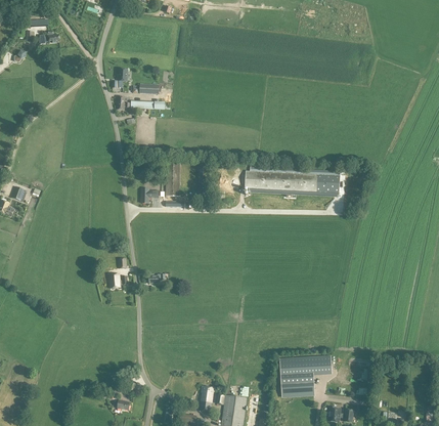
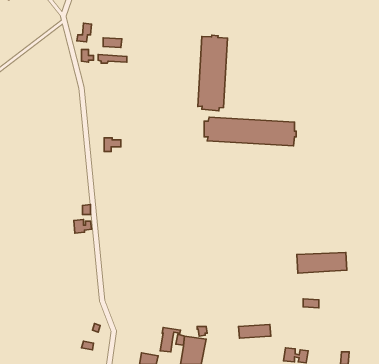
building: none -> [198,35,227,111]
building: [279,355,332,377] -> [297,253,347,273]

